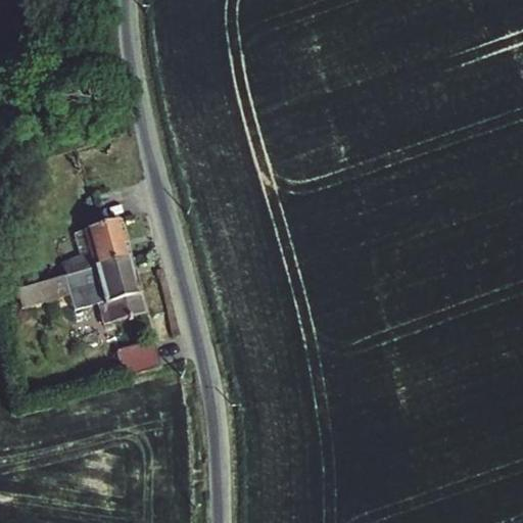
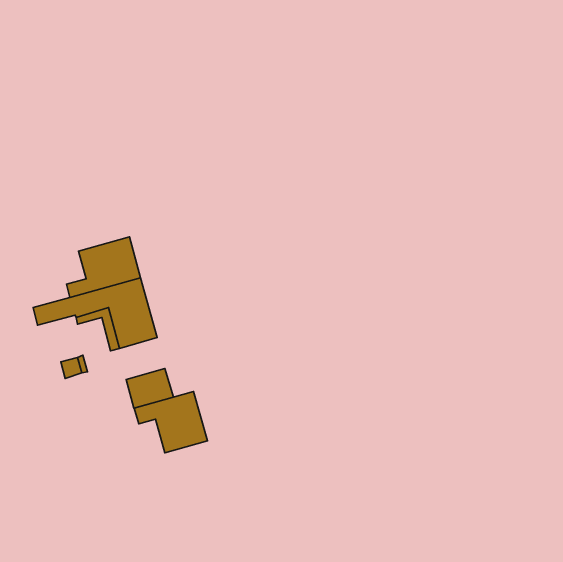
building: none -> [134,392,208,453]

